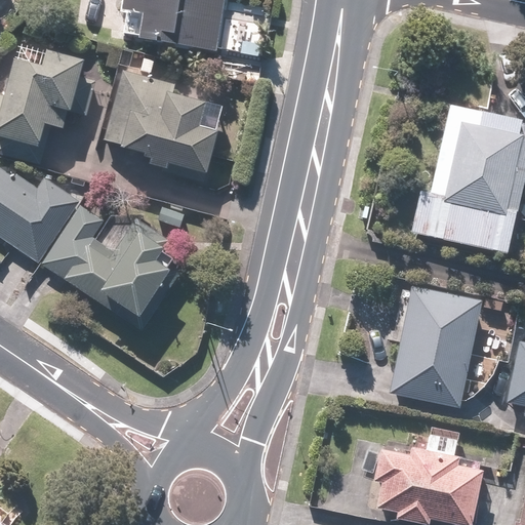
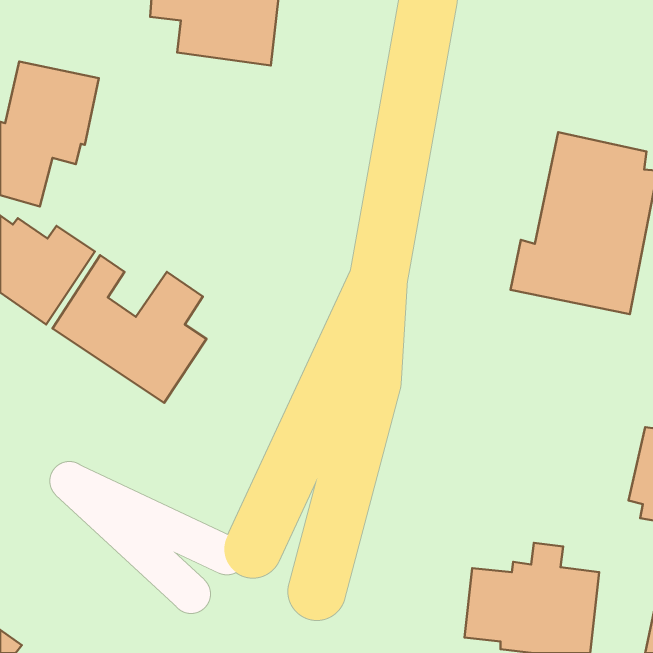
building: [107,73,217,177] -> none
building: [392,285,479,402] -> none

